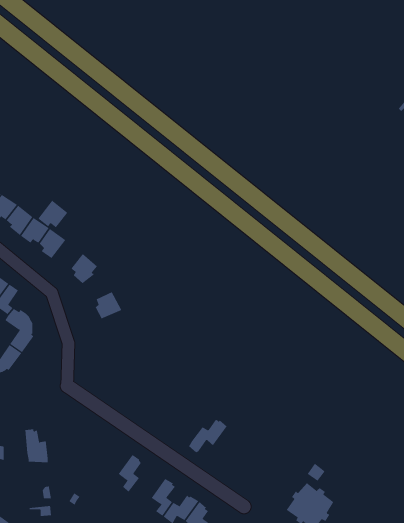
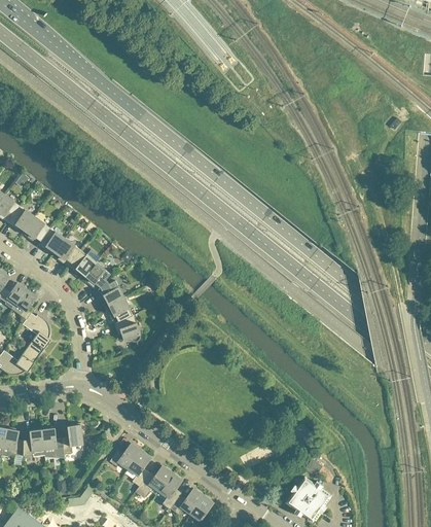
building: [38,200,68,228] -> [67,249,96,276]
building: none -> [96,280,123,305]
building: none -> [113,315,140,342]
building: [188,419,228,453] -> [136,465,173,497]
building: none -> [62,423,85,454]
building: none -> [23,427,44,456]
building: none -> [110,444,142,468]

